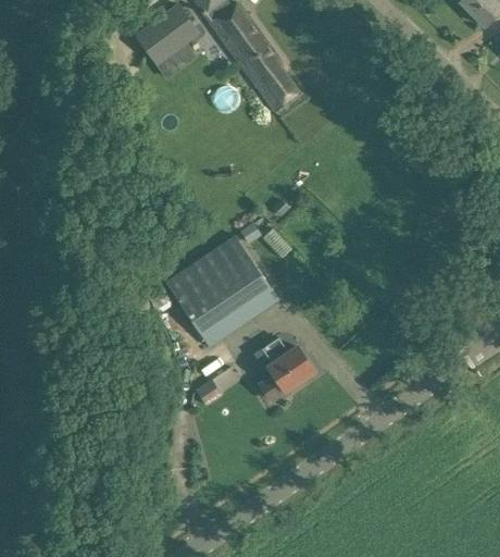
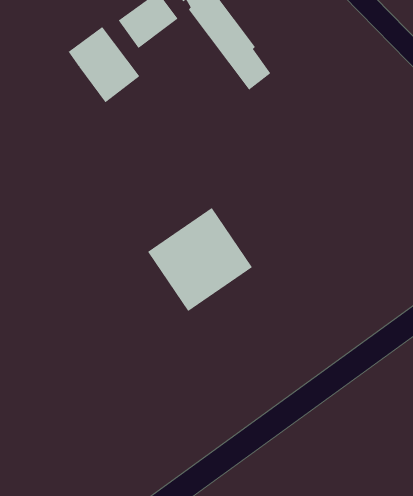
building: none -> [68,26,140,103]
building: [261,337,315,400] -> none

